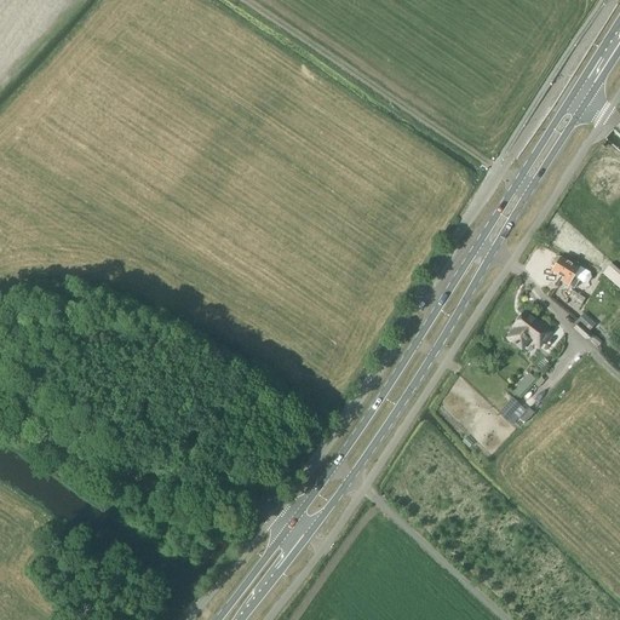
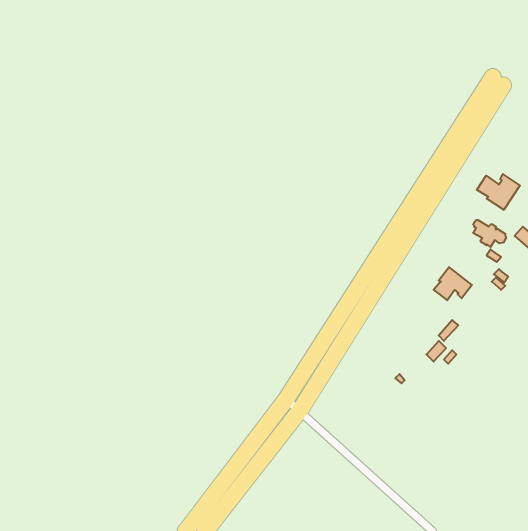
building: none -> [477,174,520,210]

